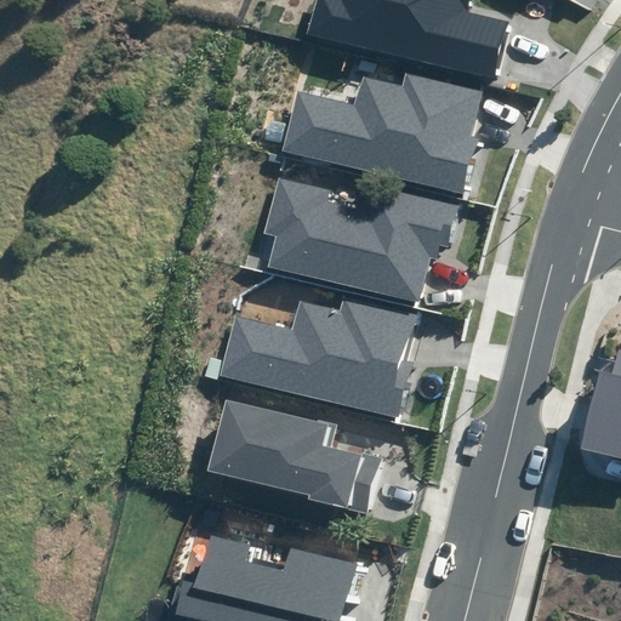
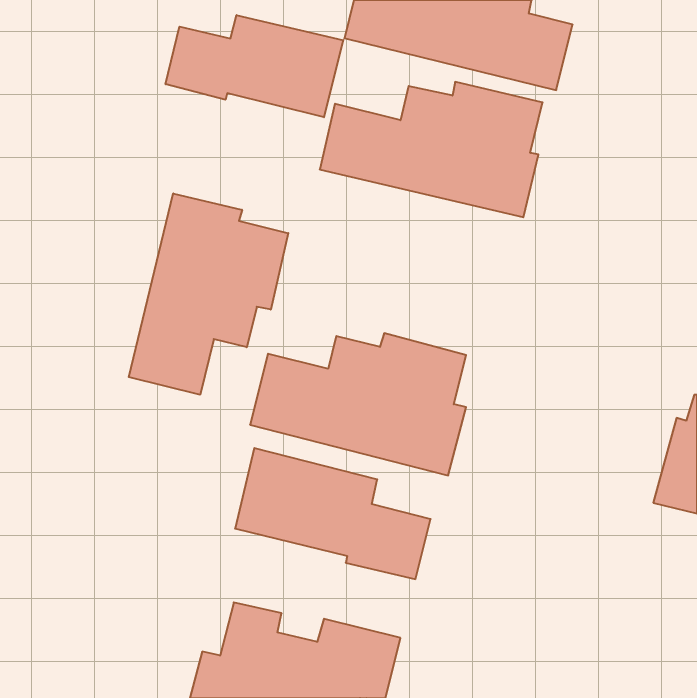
building: none -> [166,15,343,117]
building: none -> [129,193,288,395]
building: [262,178,456,303] -> none

